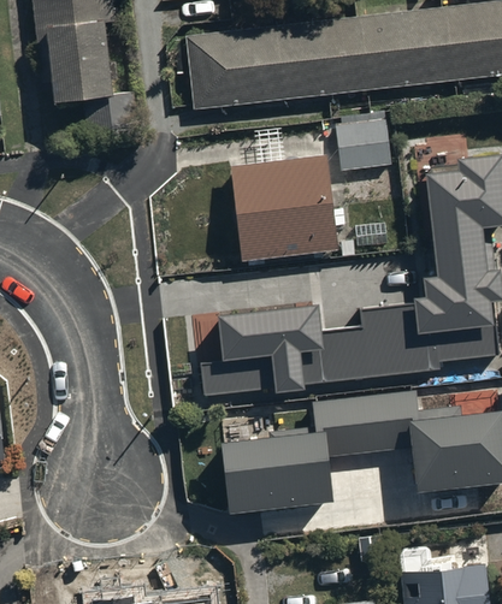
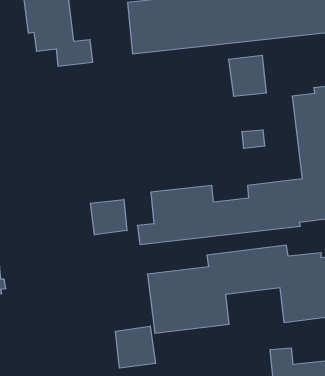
building: [230,158,337,267] -> none
building: none -> [90,199,127,235]
building: none -> [115,326,155,368]

